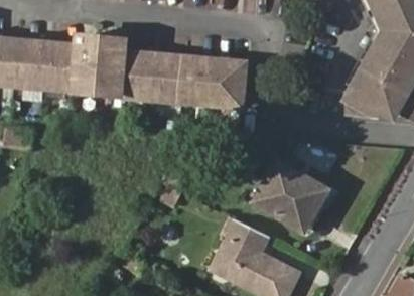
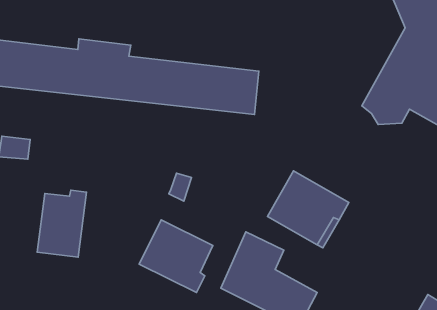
building: none -> [37,190,87,257]
building: none -> [139,220,213,293]

